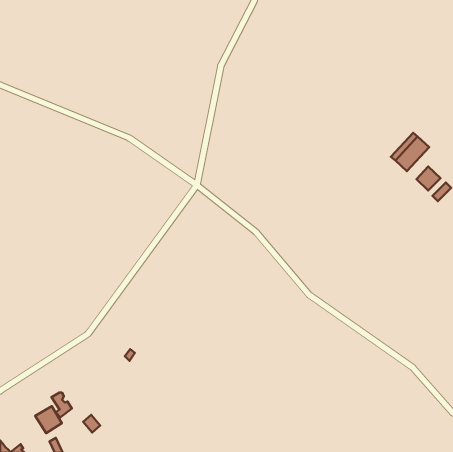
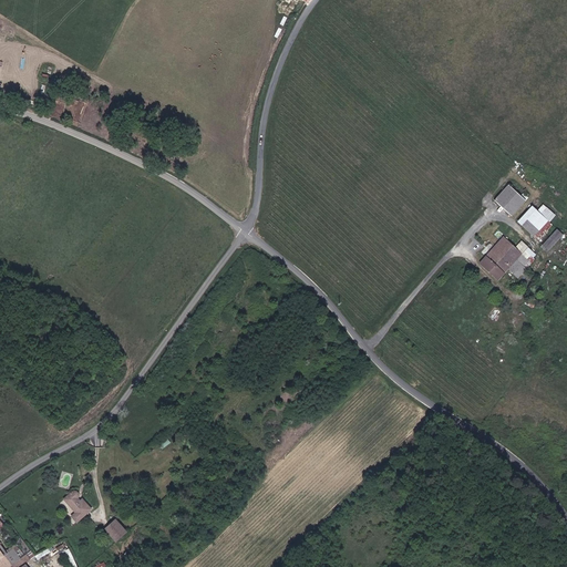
building: none -> [480,239,538,279]
building: [35,406,62,433] -> none

